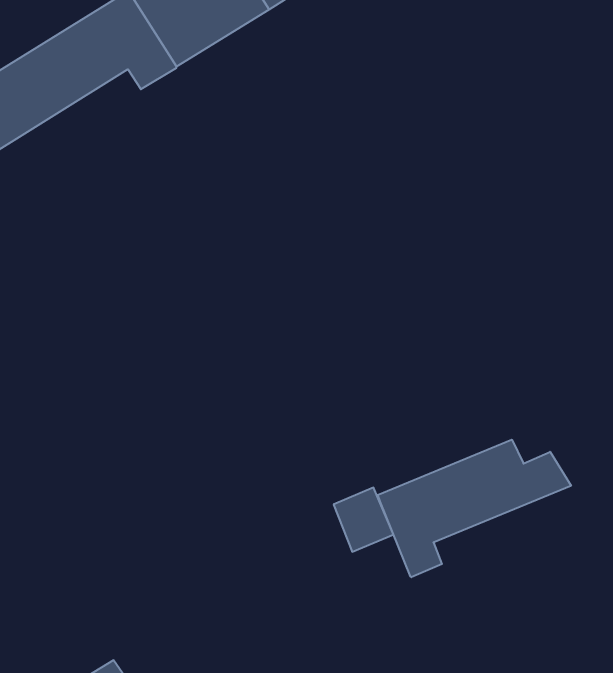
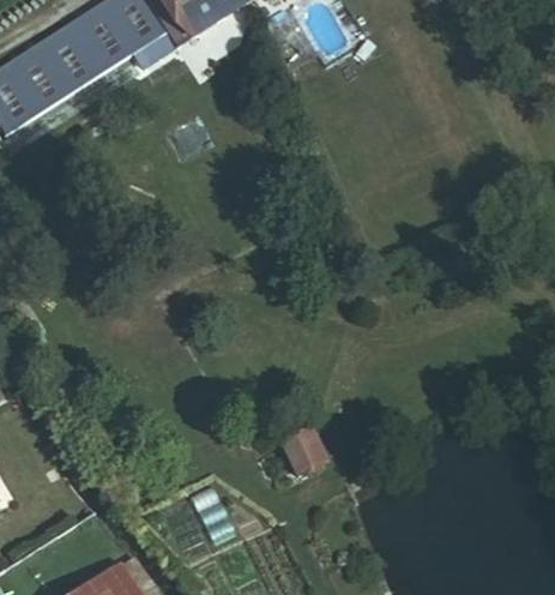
building: [378,440,571,577] -> none

